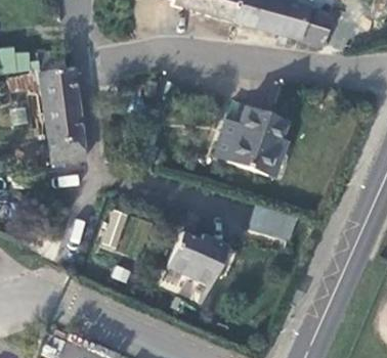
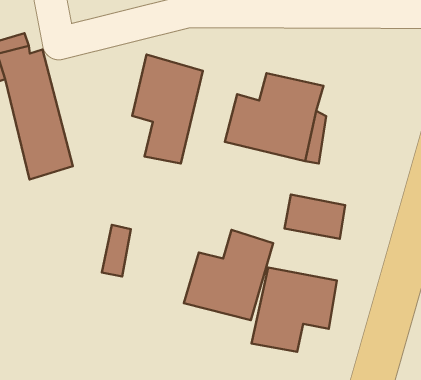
building: none -> [132,55,203,164]
building: none -> [252,268,337,352]

